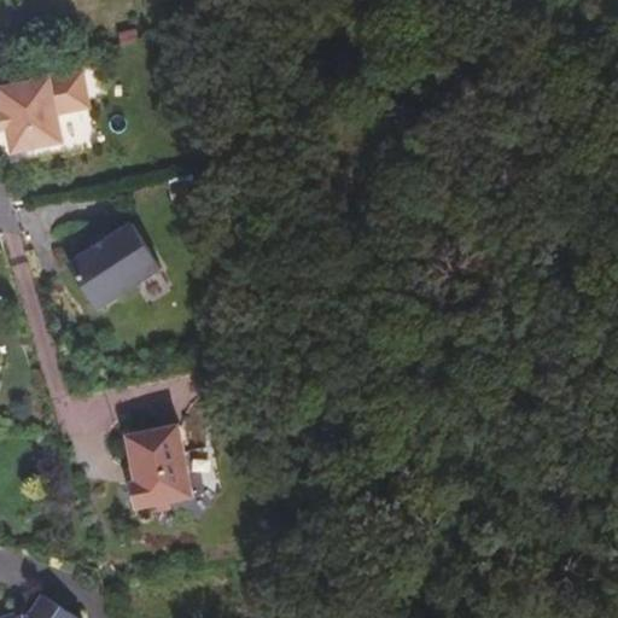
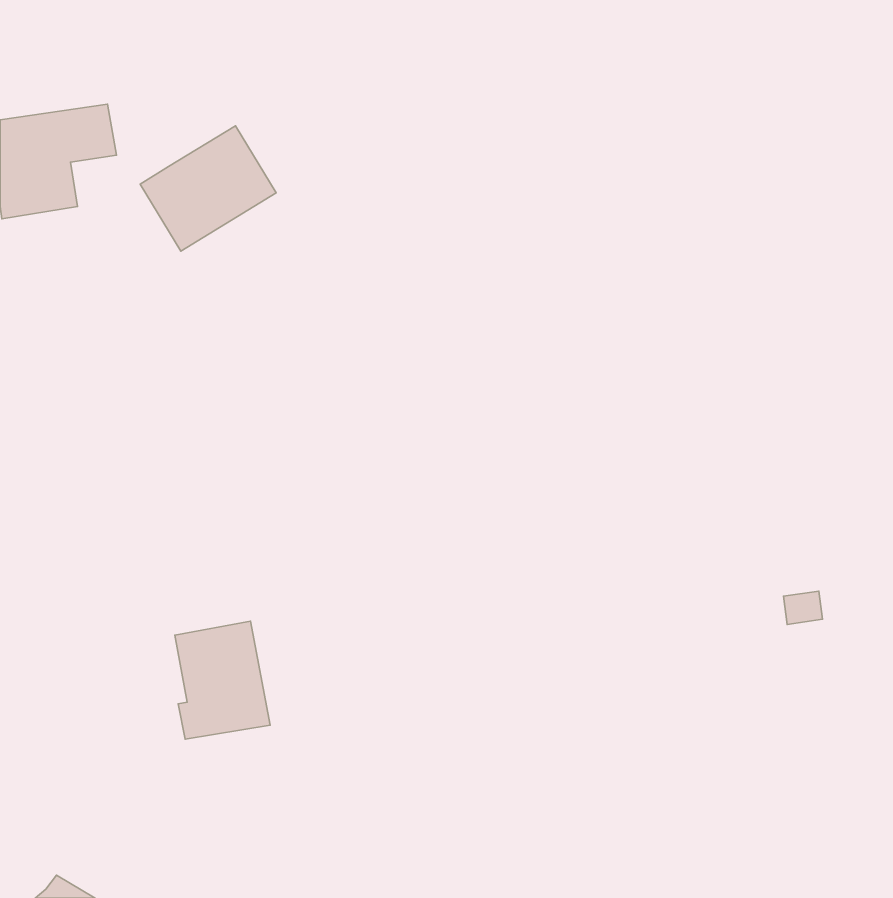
building: [65,225,158,310] -> [140,126,276,251]

